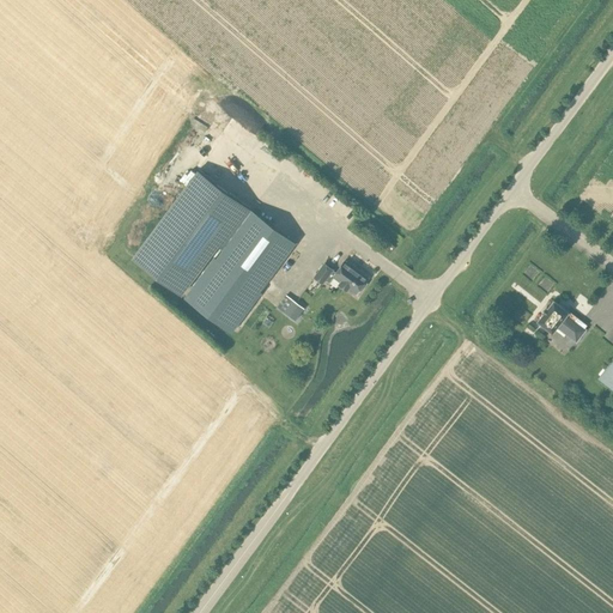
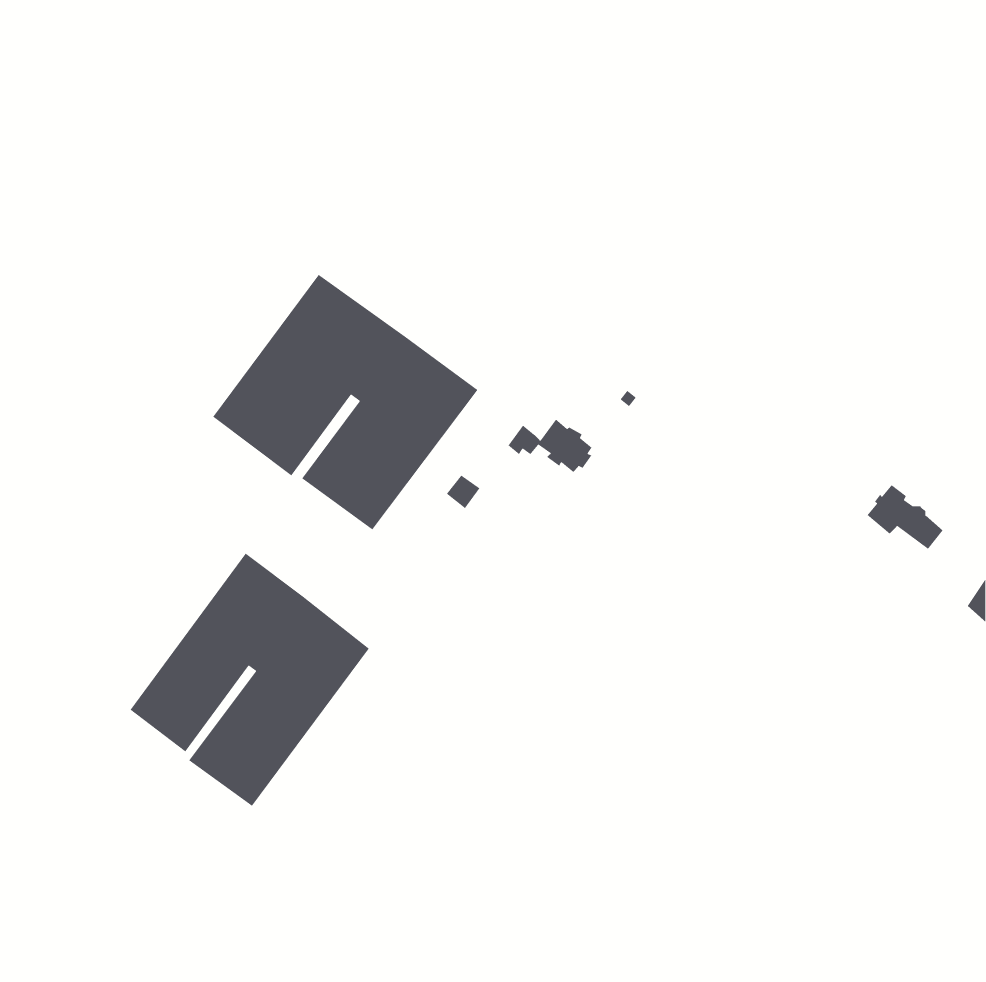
building: none -> [130,552,370,807]

